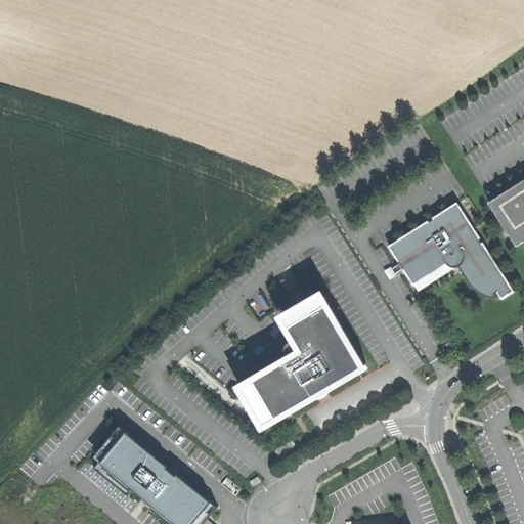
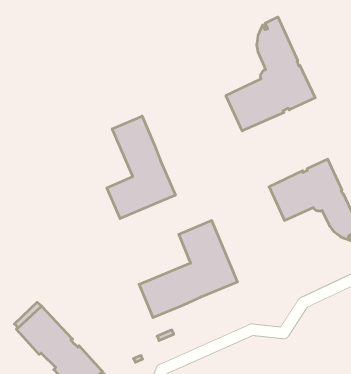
building: none -> [226,17,315,131]
building: none -> [107,116,175,219]

